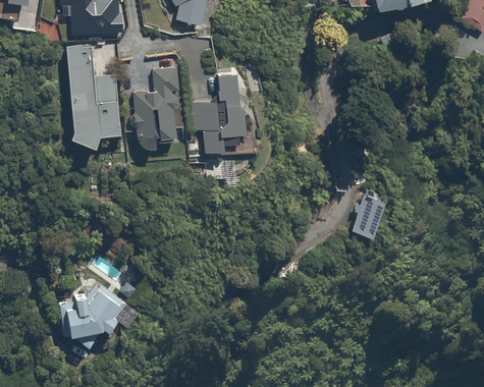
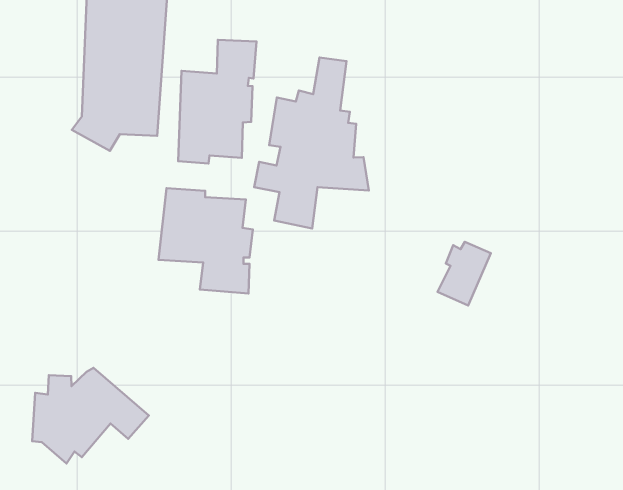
building: none -> [158,188,253,293]
building: [352,197,382,236] -> [437,242,491,305]

